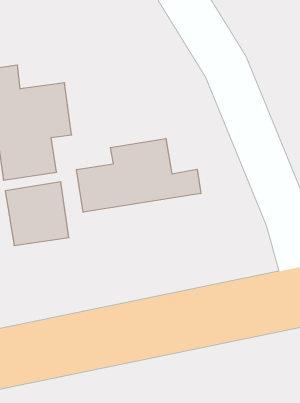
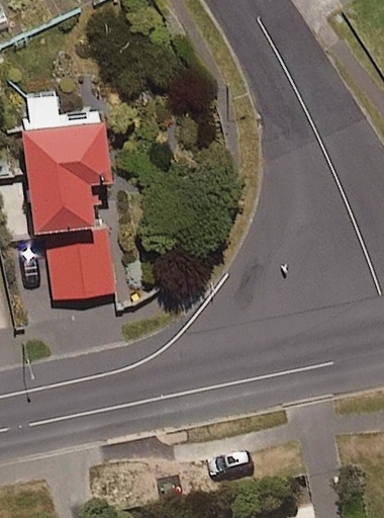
building: [77,138,201,212] -> none

